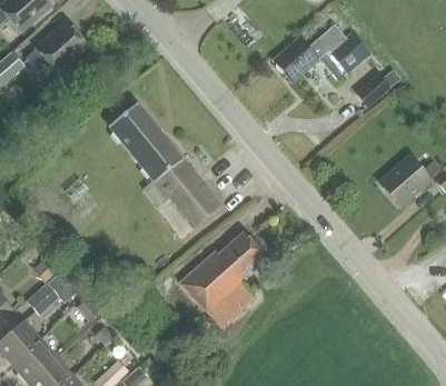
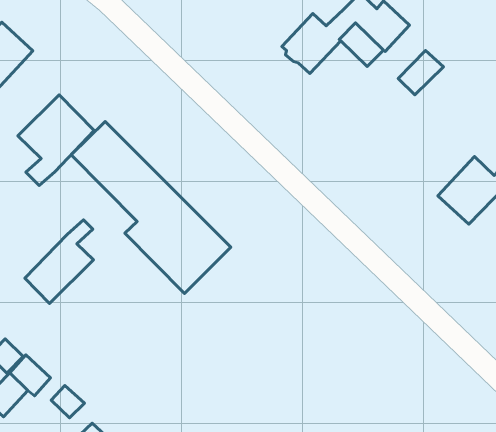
building: none -> [18,95,94,185]
building: none -> [25,220,94,304]
building: [182,232,265,324] -> none

